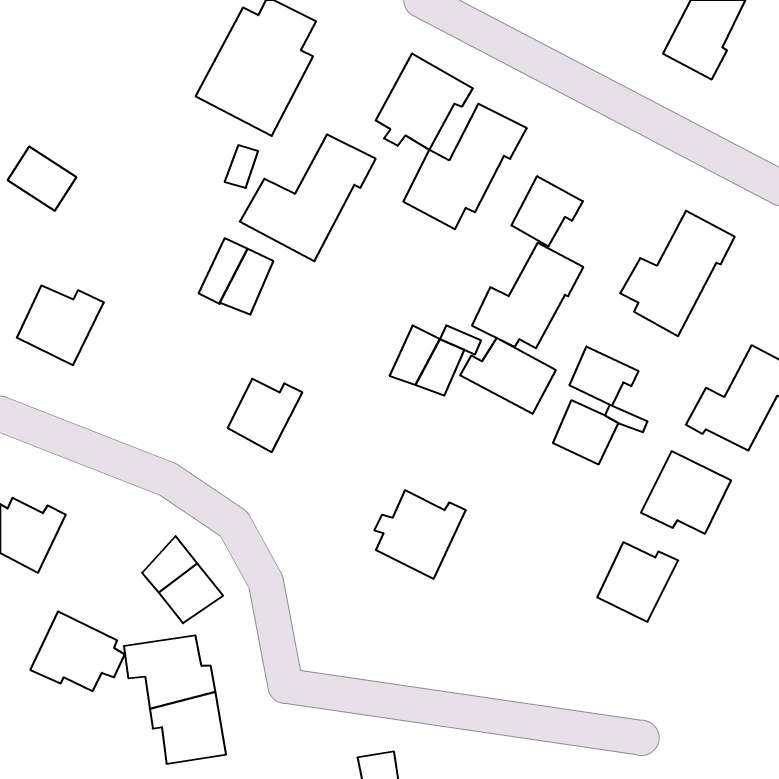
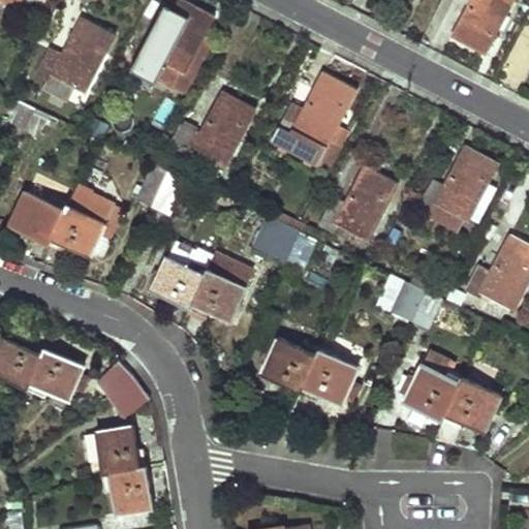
building: none -> [37,18,115,99]
building: [376,53,473,150] -> none
building: [511,176,583,247] -> none
building: none -> [51,188,124,259]
building: [460,338,556,414] -> none
building: [570,346,638,406] -> none
building: none -> [185,252,255,322]
building: [641,451,731,534] -> [439,380,500,436]
building: none -> [294,346,361,406]
building: [30,612,125,691] -> [27,349,91,403]

